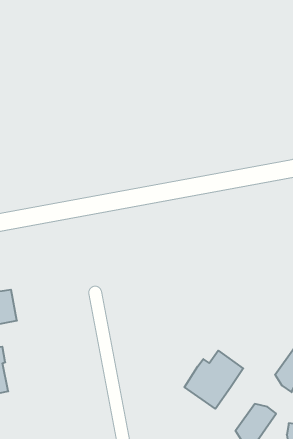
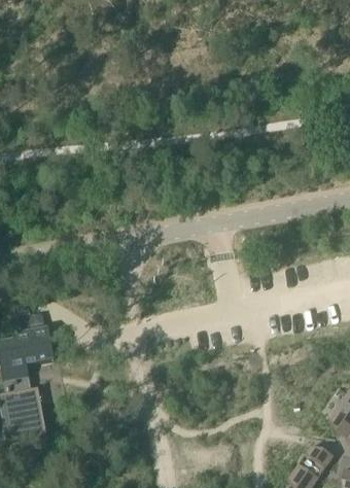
building: [184,351,243,409] -> none

